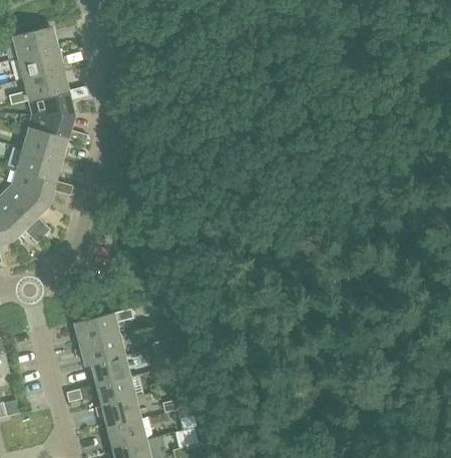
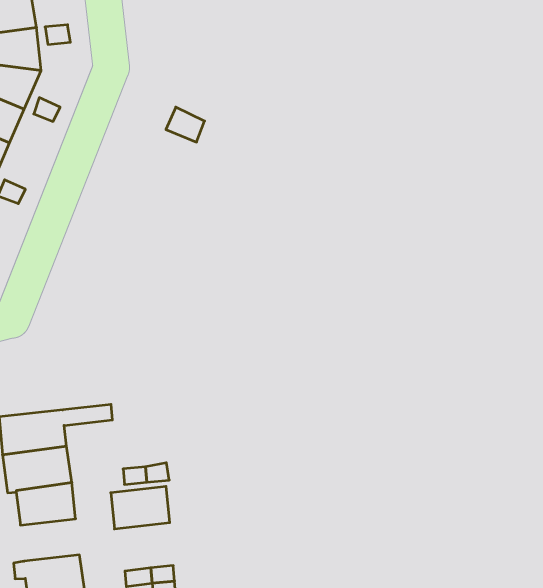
building: [96,376,133,405] -> [111,486,170,529]

